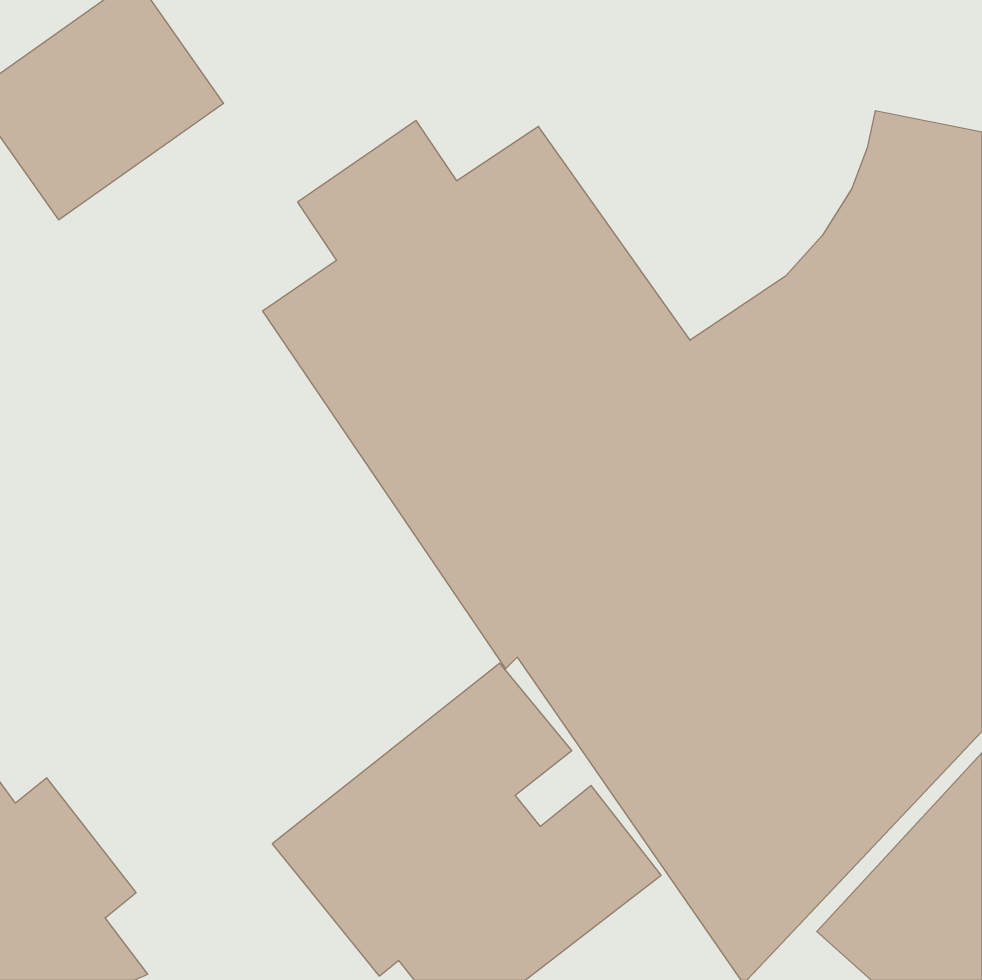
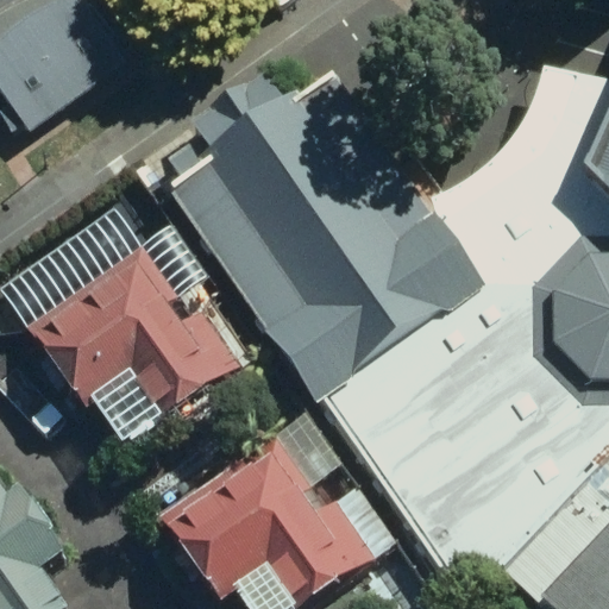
building: none -> [26,237,251,439]

